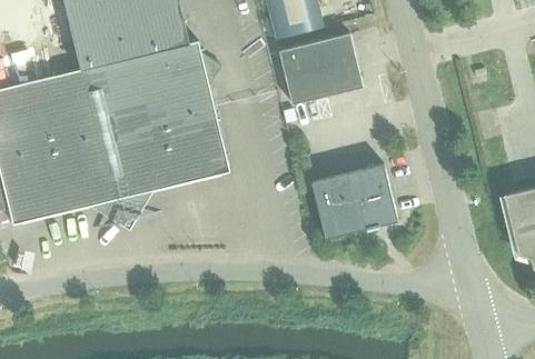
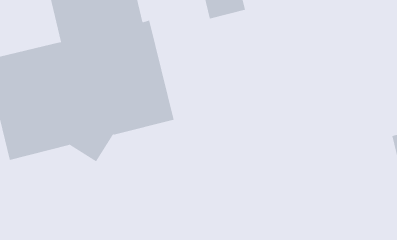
building: [279,33,364,103] -> none
building: [311,163,398,238] -> none

